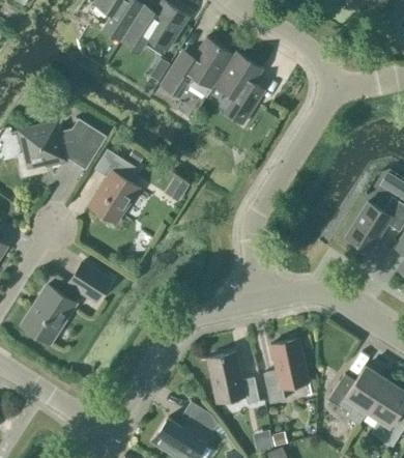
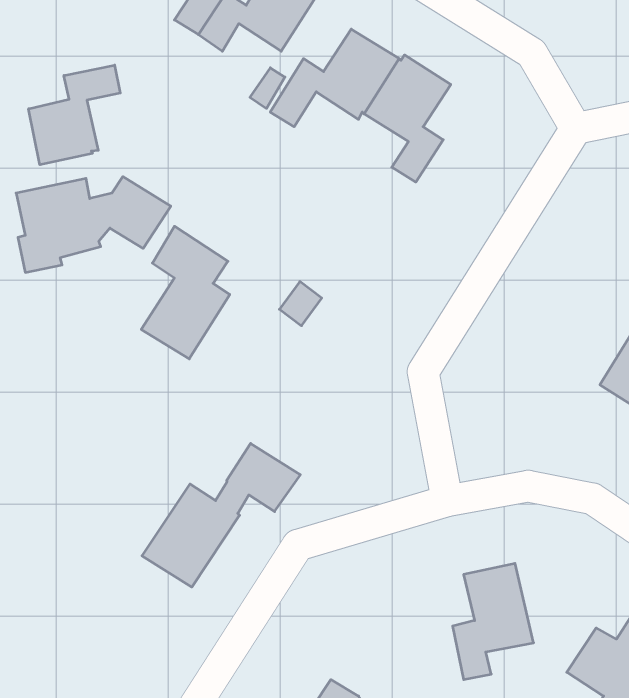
building: none -> [29,65,120,165]
building: [21,263,110,344] -> [142,443,300,587]
building: [206,352,259,405] -> none

